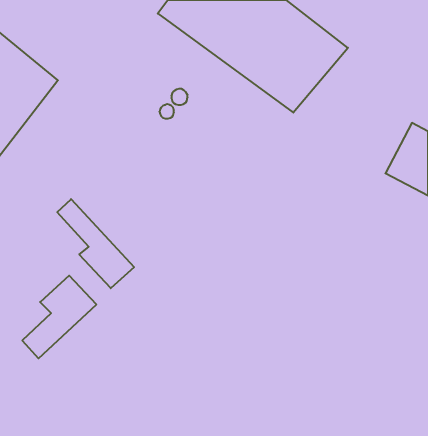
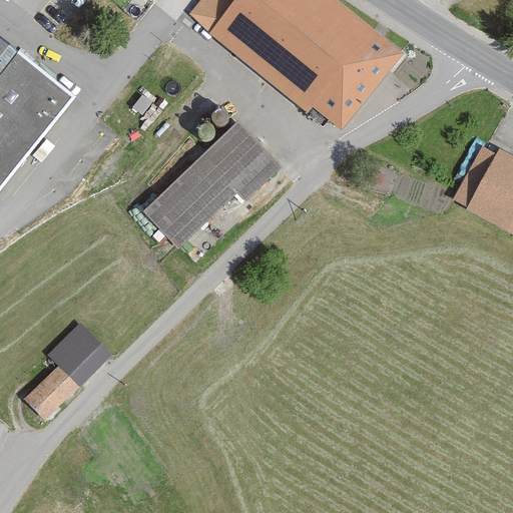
building: none -> [141,120,283,247]
building: [57,199,134,288] -> none

